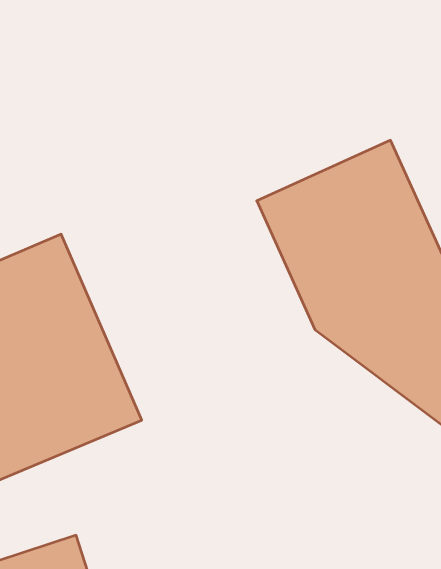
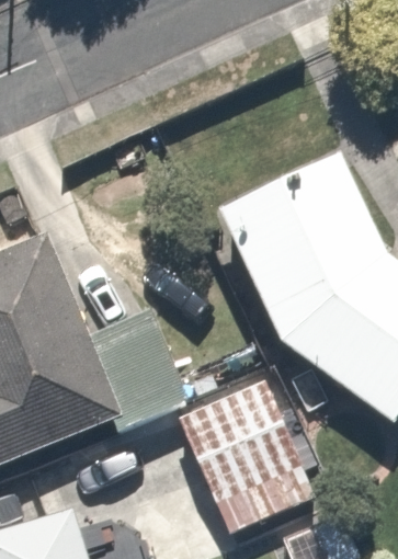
building: none -> [180,373,314,529]

